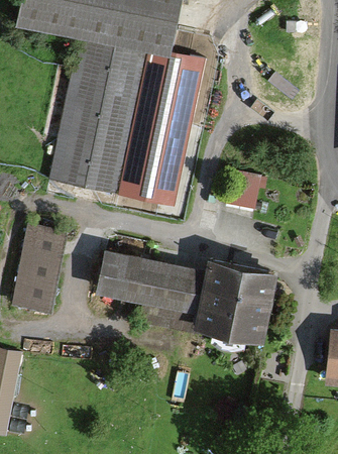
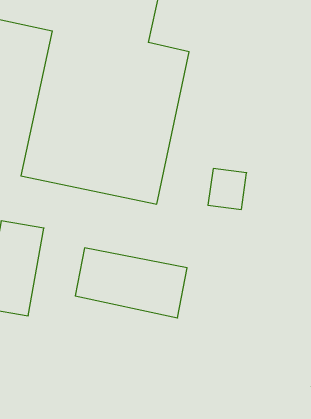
building: [195,258,278,341] -> none

